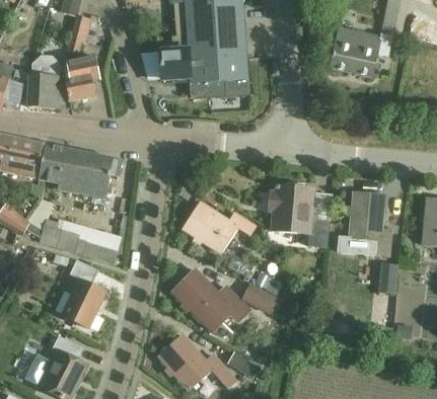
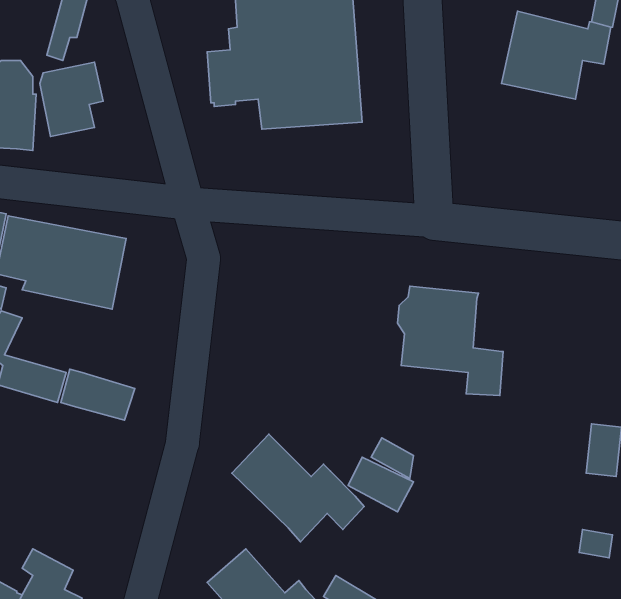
building: [337,190,389,254] -> none
building: [183,202,256,252] -> none
building: [61,259,106,328] -> none

